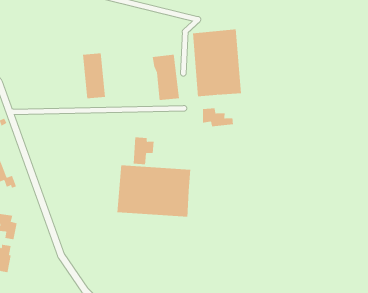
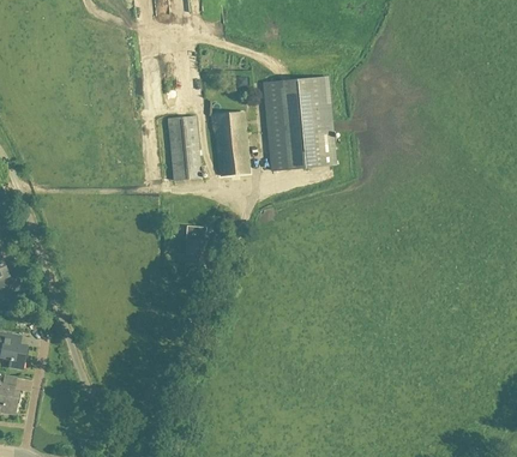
building: [82,53,106,99] -> [167,116,199,180]
building: [202,107,233,127] -> none
building: [117,164,191,218] -> none

